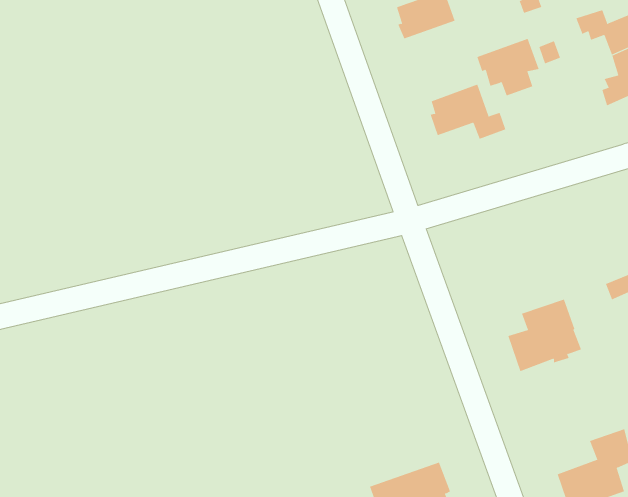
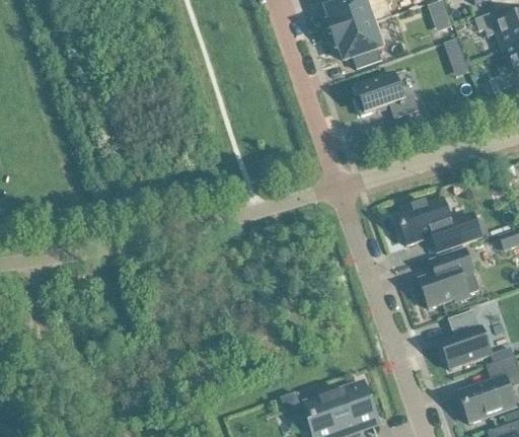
building: [476,38,539,96] -> [333,20,385,68]
building: none -> [396,198,480,252]
building: none -> [441,309,491,369]

